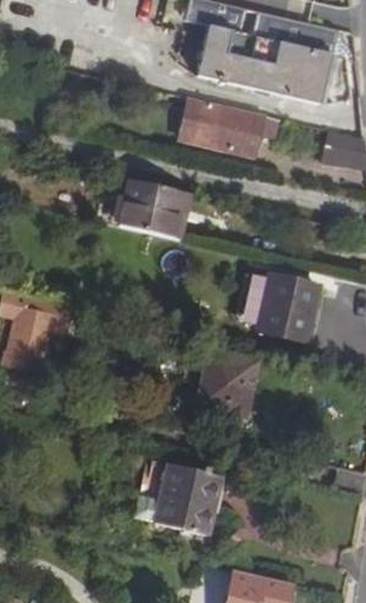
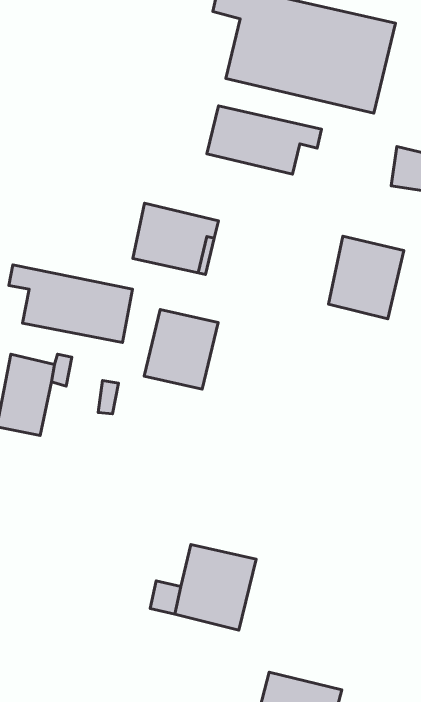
building: none -> [9,265,132,343]
building: [257,274,320,343] -> [328,236,404,319]
building: [196,351,258,417] -> [144,309,218,389]

